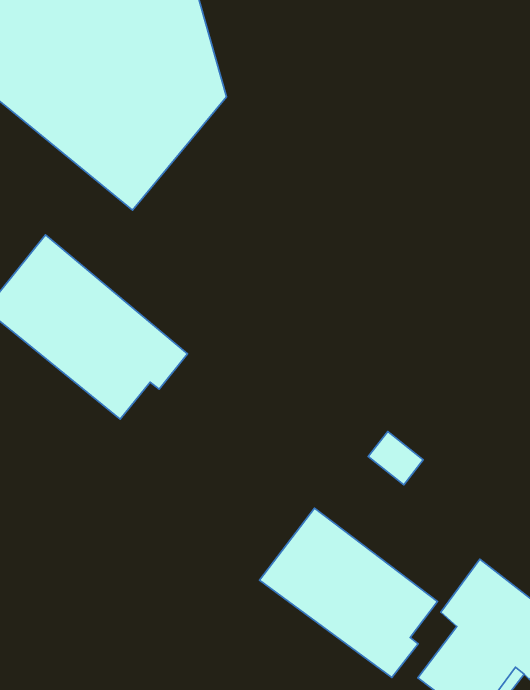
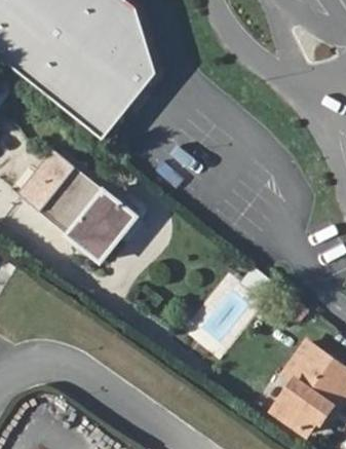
building: [259,508,438,678] -> none

